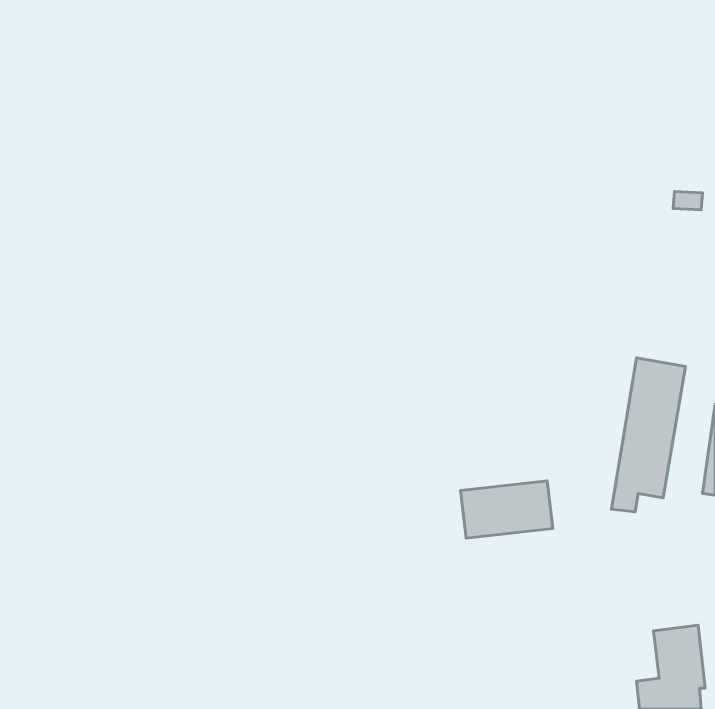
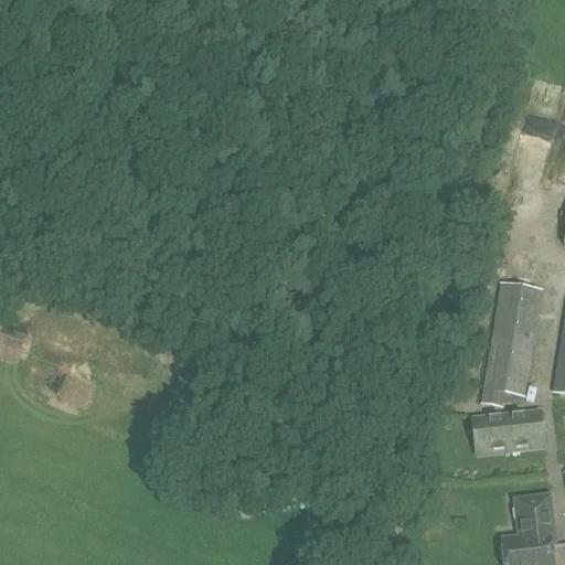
building: [461,481,553,538] -> [472,408,545,454]

